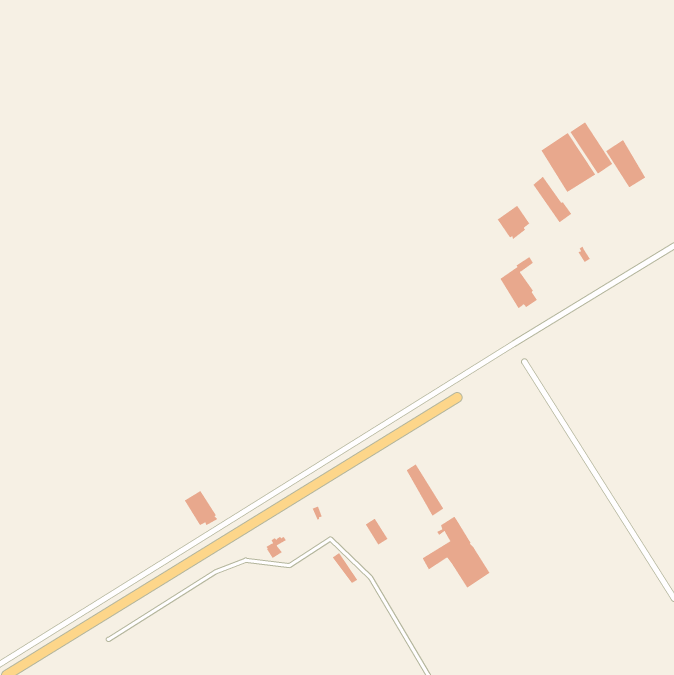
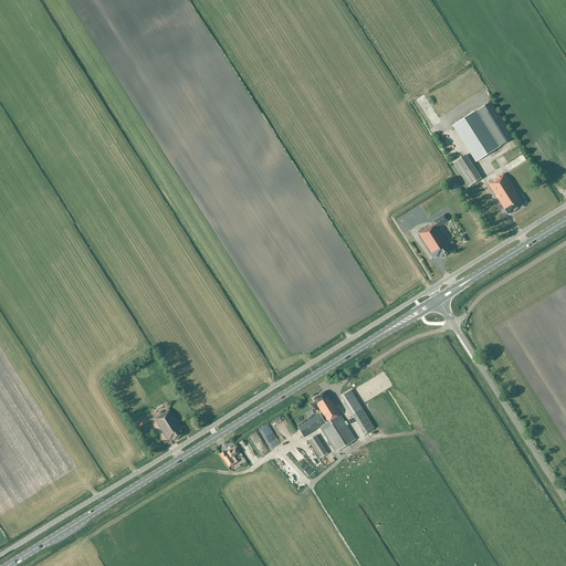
building: [605,139,646,188] -> [488,174,522,214]
building: [497,205,530,240] -> none
building: [422,516,491,589] -> [297,391,355,452]

